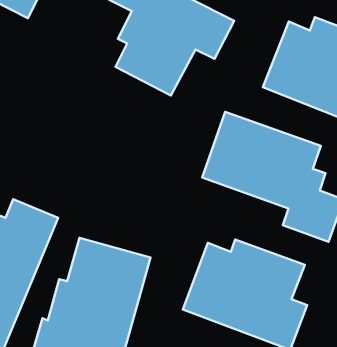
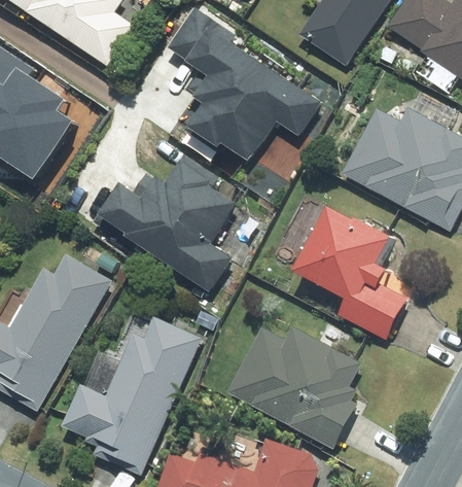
building: none -> [102,159,240,290]

